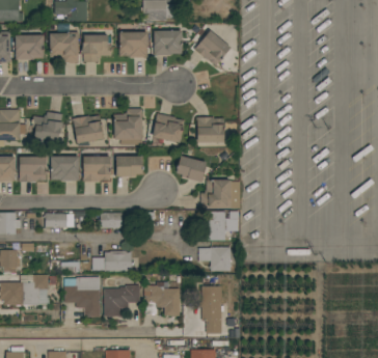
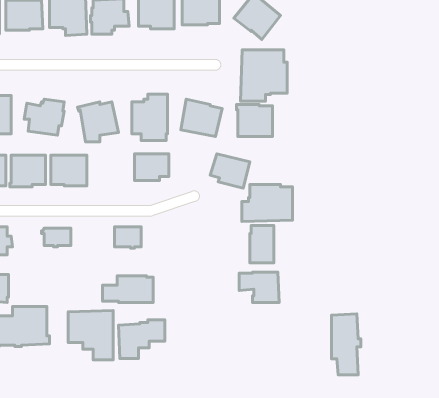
building: none -> [240,50,287,101]
building: [83,156,110,182] -> none
building: [144,282,180,316] -> none
building: [200,286,223,334] -> [331,314,361,375]

